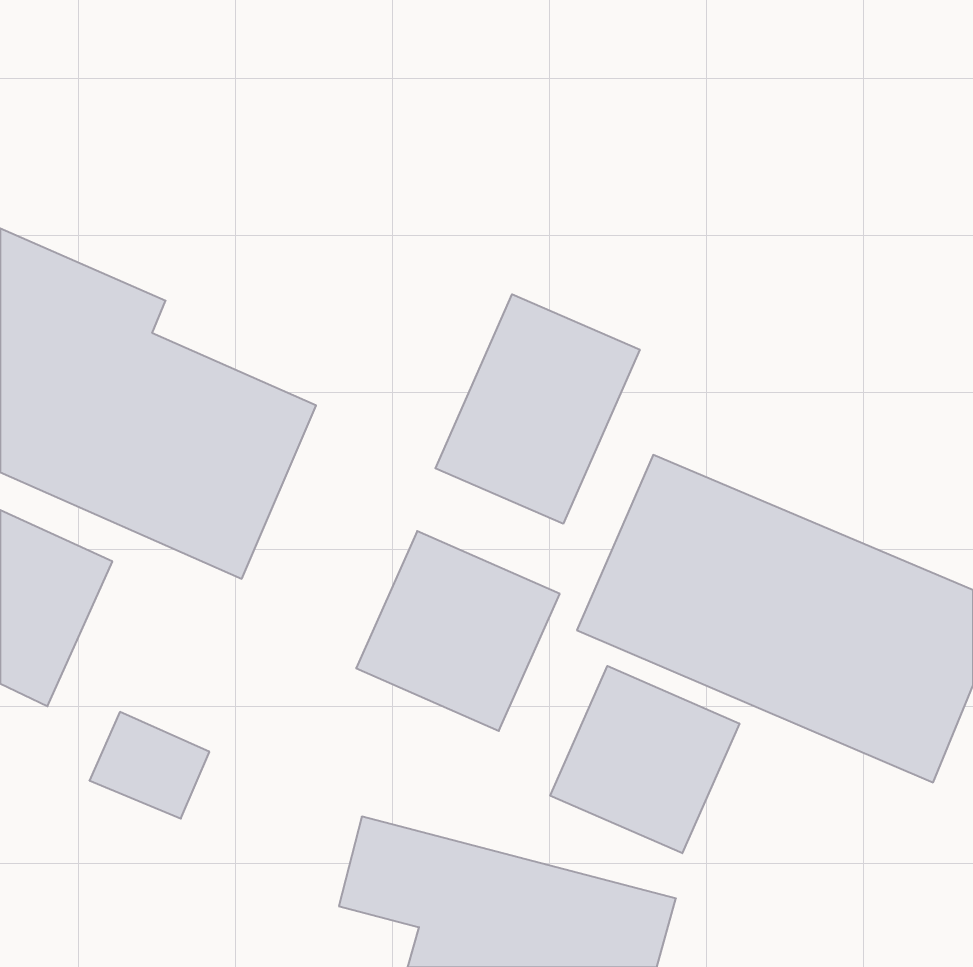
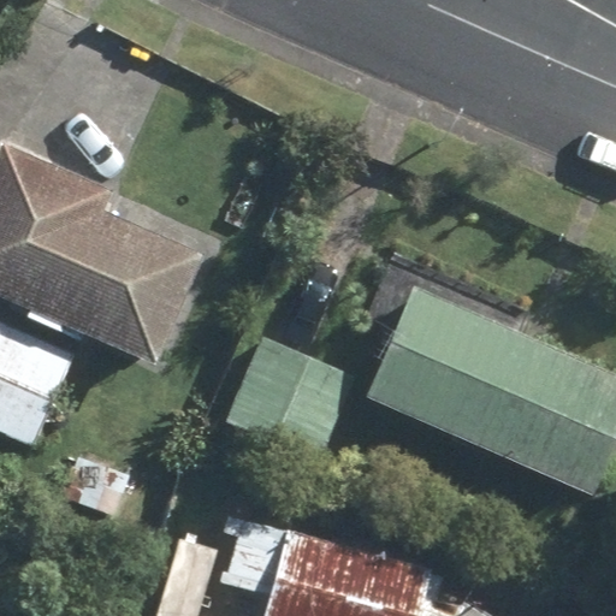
building: [435,294,640,524] -> none
building: [550,666,739,853] -> none

